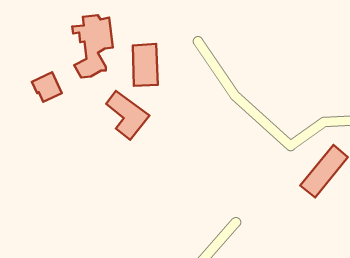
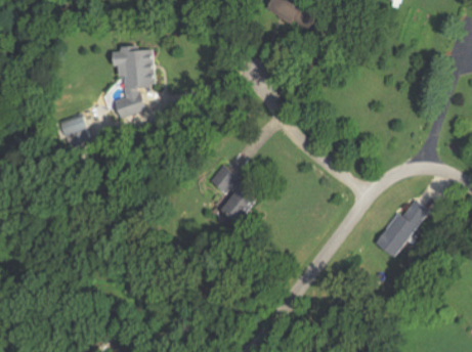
building: [133,44,158,86] -> none
building: [106,91,149,140] -> [211,166,261,223]

